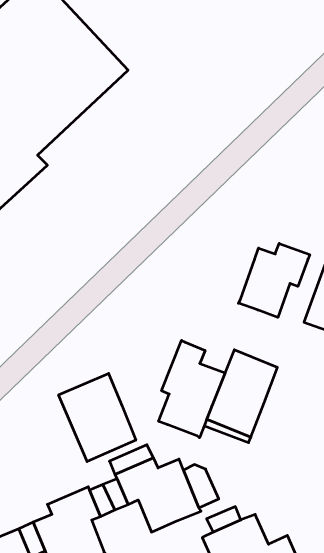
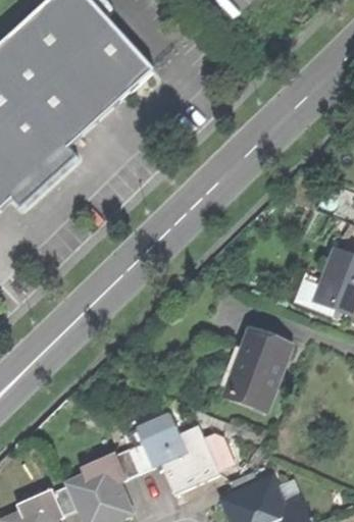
building: [238,243,310,317] -> none
building: [159,340,225,438] -> none
building: [59,373,136,462] -> none

